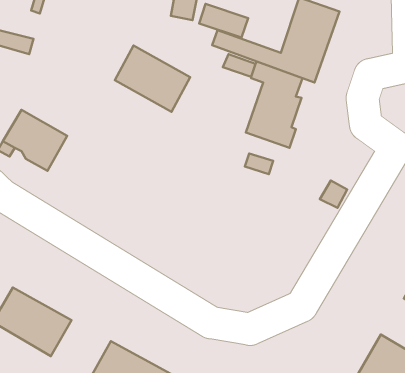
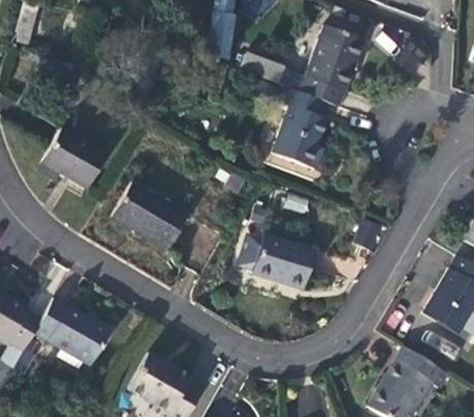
building: [115,45,190,112] -> [113,189,185,252]
building: none -> [241,237,316,291]

